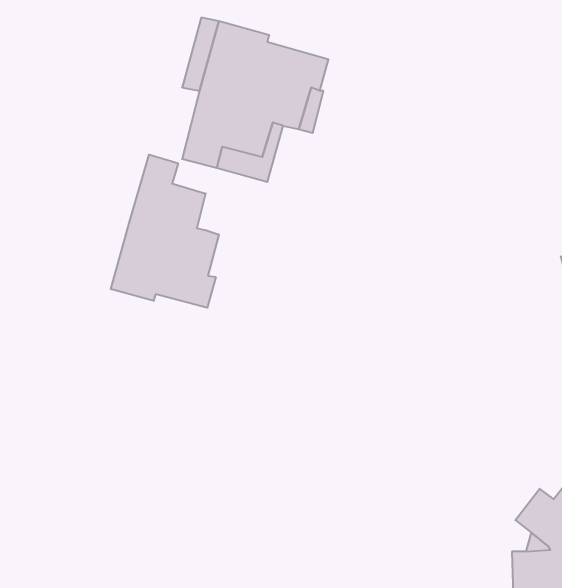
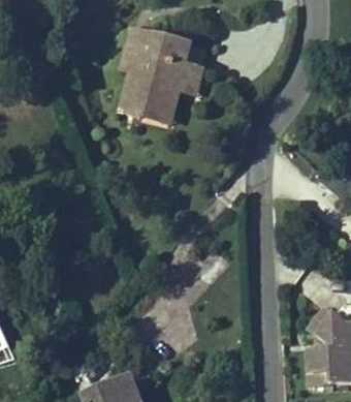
building: [111,155,219,308] -> none

